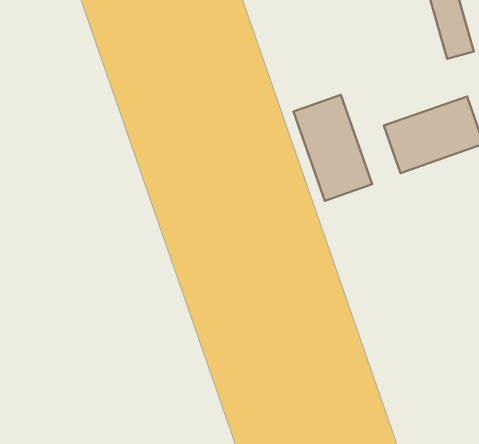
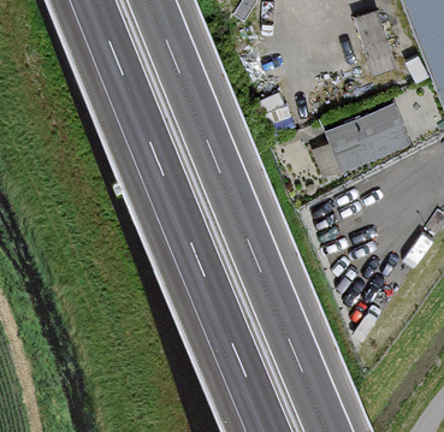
building: [293,95,372,201] -> none

